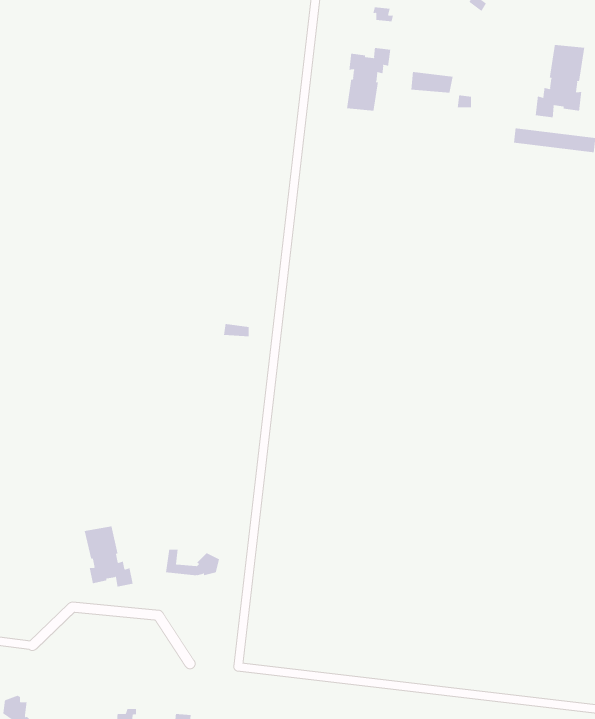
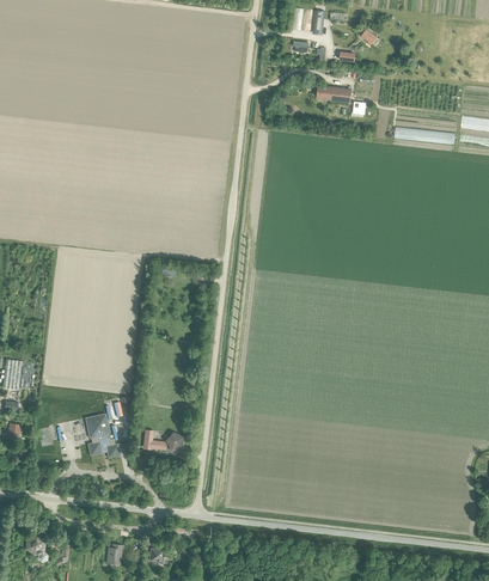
building: [535,44,585,118] -> none
building: [346,47,391,112] -> none

